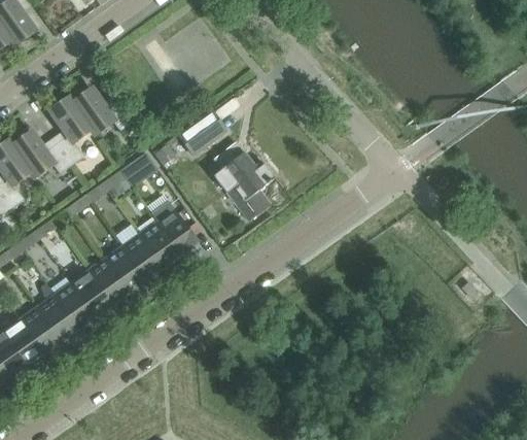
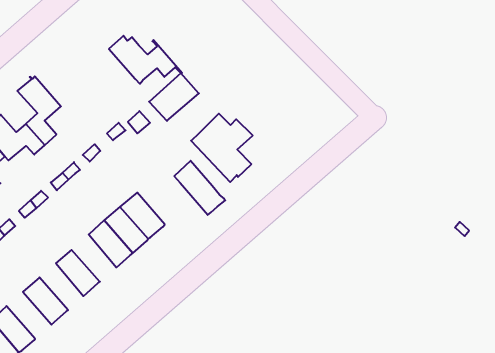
building: [68,87,137,135] -> [109,36,182,84]
building: [151,201,199,256] -> [174,161,225,215]
building: [86,258,129,305] -> none
building: [52,282,94,330] -> none
building: [17,307,60,354] -> none

